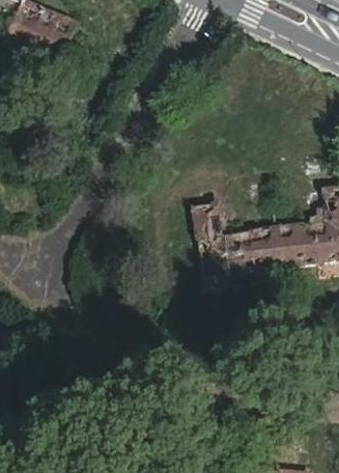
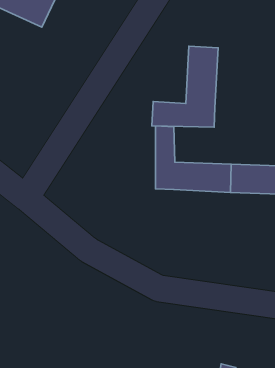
building: none -> [152,46,218,127]

